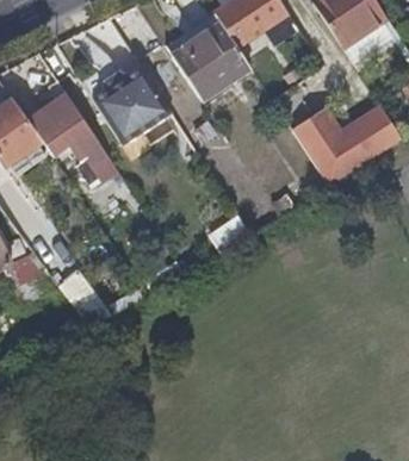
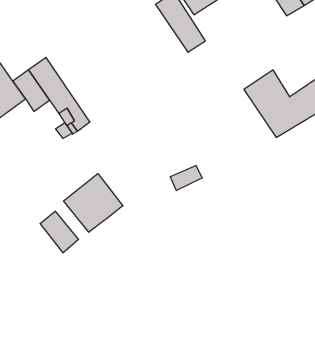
building: [169,32,228,101] -> none
building: [92,66,173,145] -> none
building: none -> [64,174,123,232]

